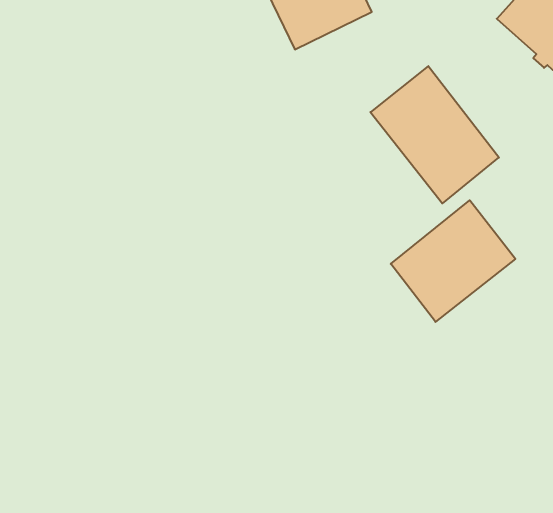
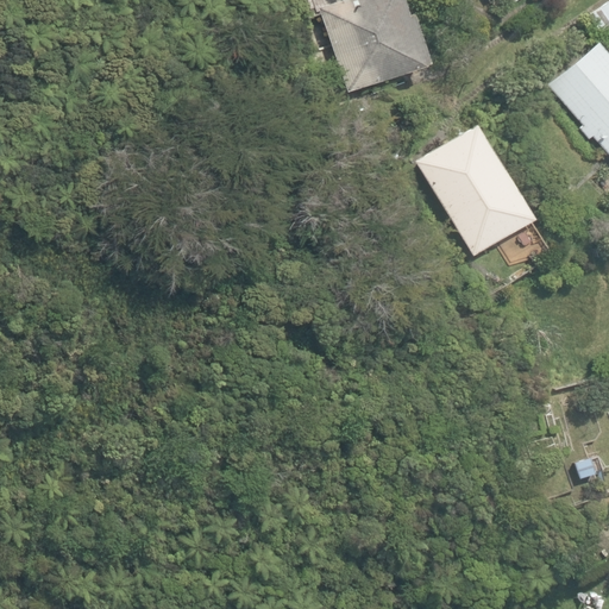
building: [391,200,515,322] -> none

